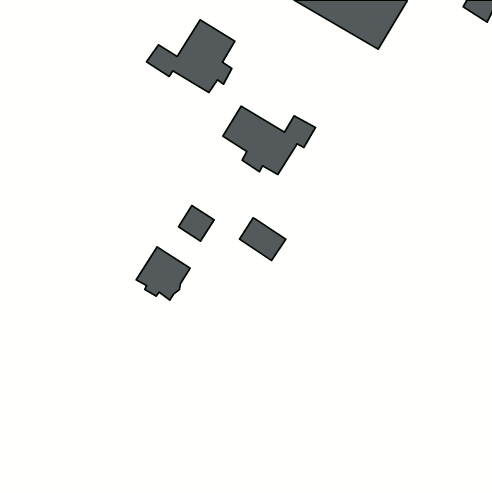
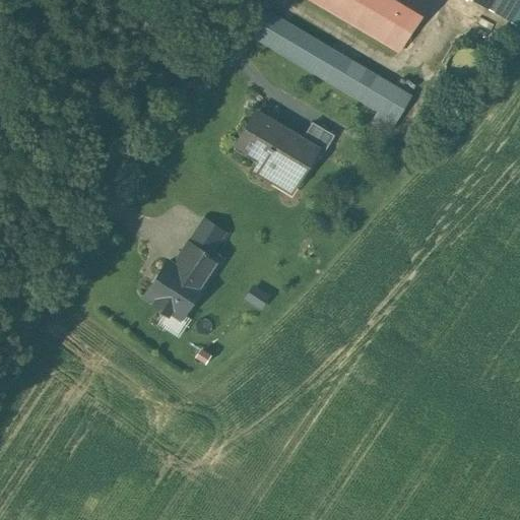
building: none -> [252,11,410,122]
building: [147,20,235,93] -> none
building: [240,218,286,260] -> [173,238,221,282]

